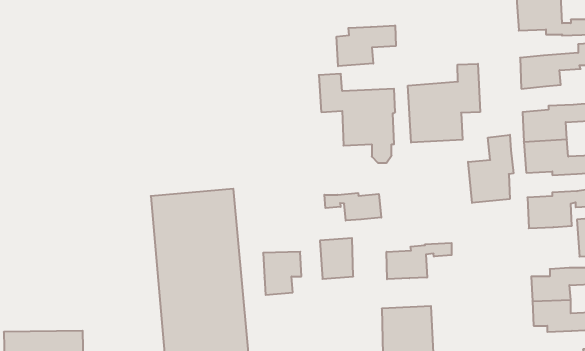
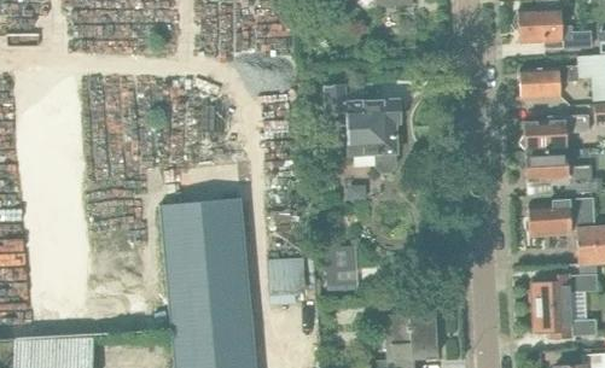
building: [337,25,396,66] -> none
building: [408,64,480,143] -> none
building: [468,135,513,203] -> none
building: [324,193,381,221] -> none
building: [387,243,452,279] -> none

